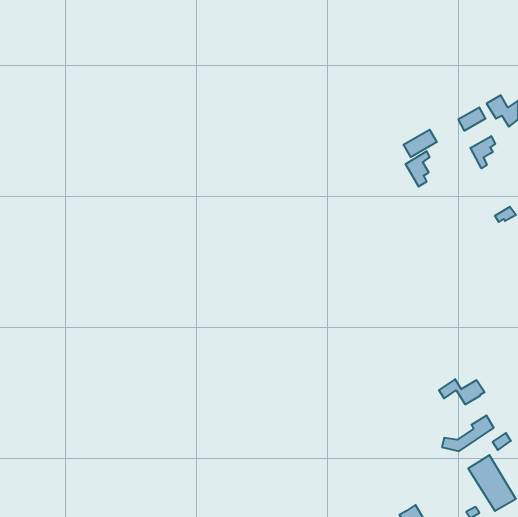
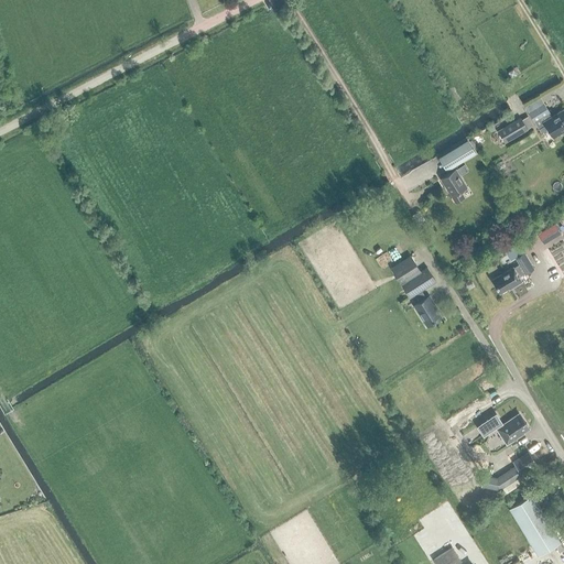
building: [470,136,495,168] -> none
building: none -> [491,252,533,293]
building: none -> [390,256,441,326]

